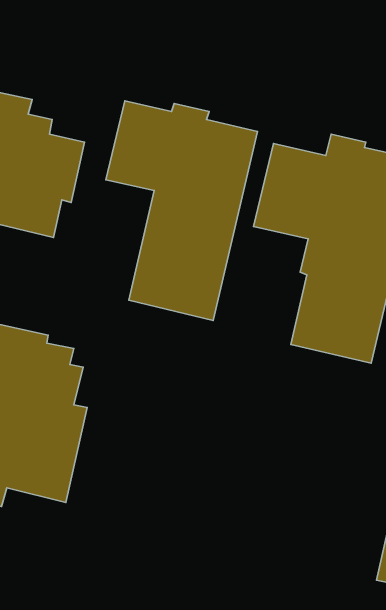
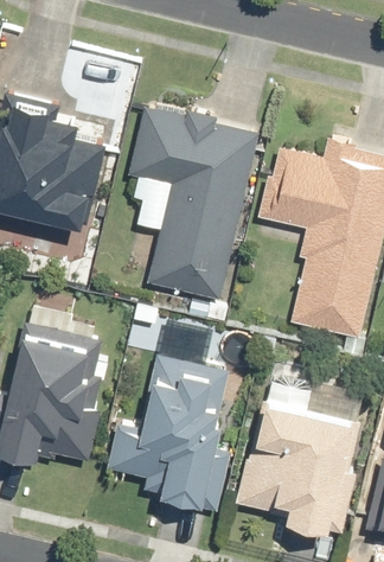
building: none -> [107,356,231,509]
building: none -> [233,401,361,537]

